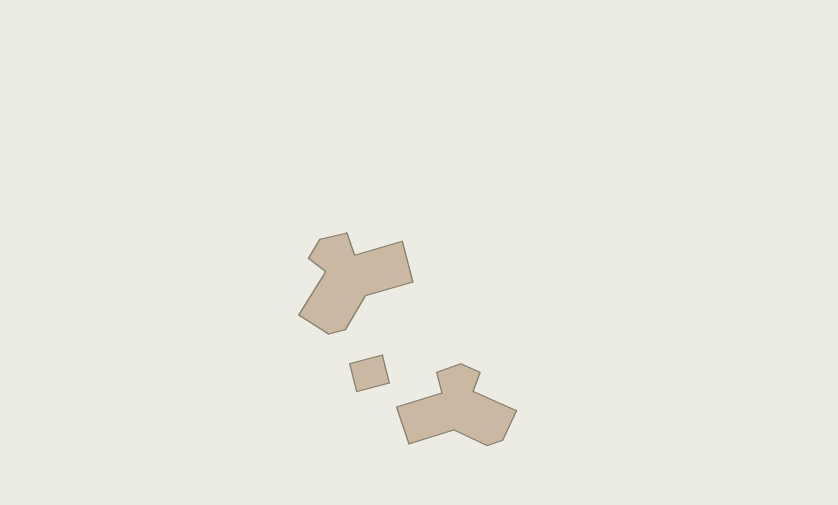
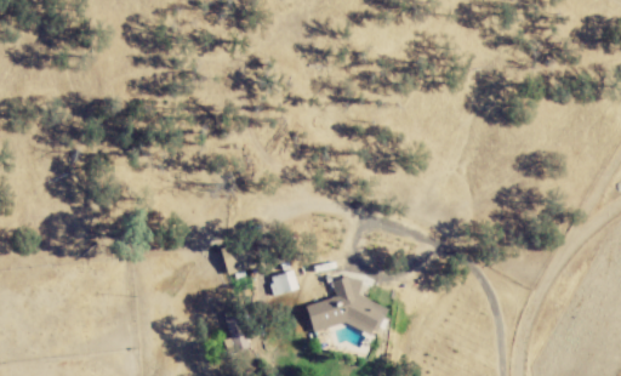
building: [299,233,413,334] -> none

